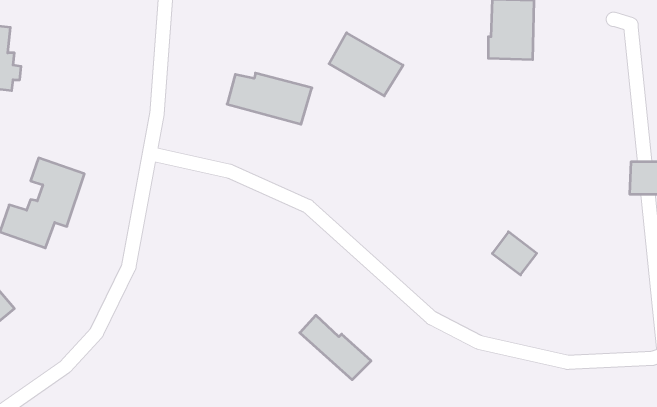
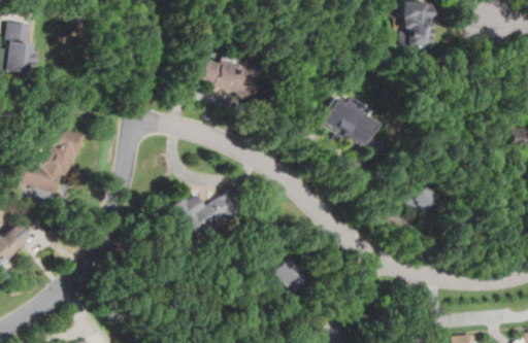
building: [329,33,403,96] -> [320,98,376,146]
building: none -> [171,188,243,238]

